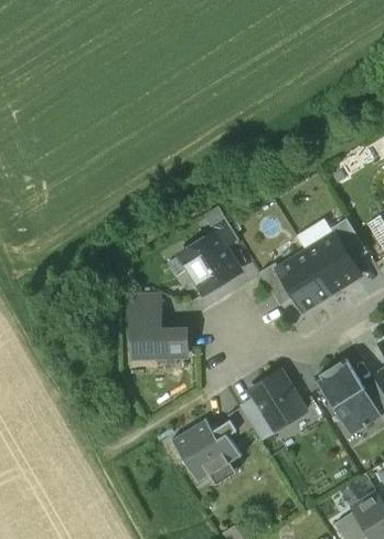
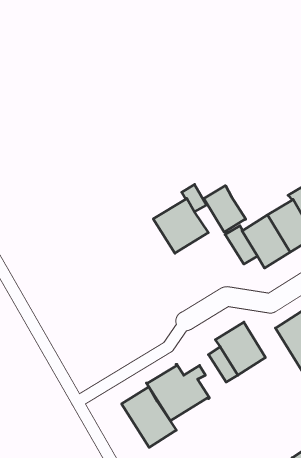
building: none -> [204,186,246,232]
building: [131,293,186,362] -> none
building: none -> [122,387,176,447]

